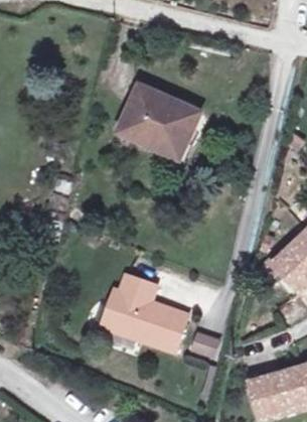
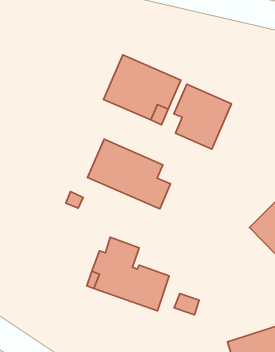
building: none -> [174,84,232,149]
building: none -> [88,139,171,209]

